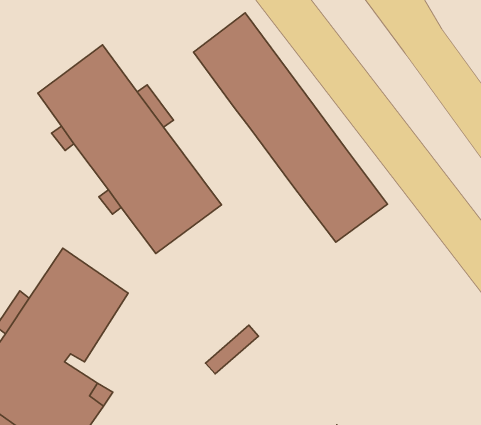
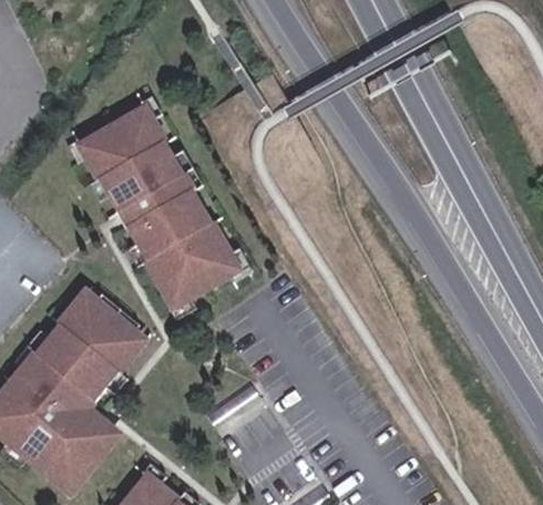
building: [193,13,388,242] -> none

